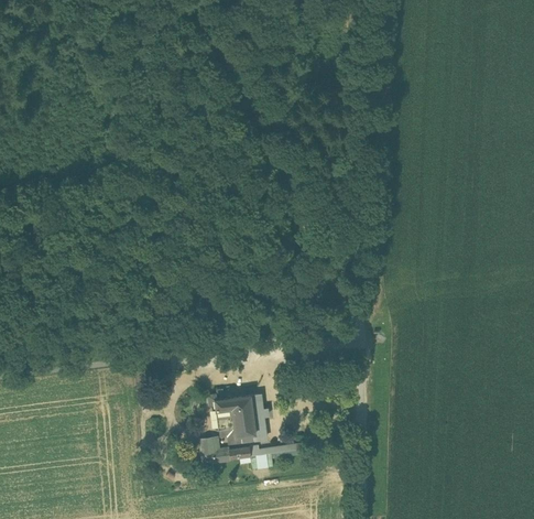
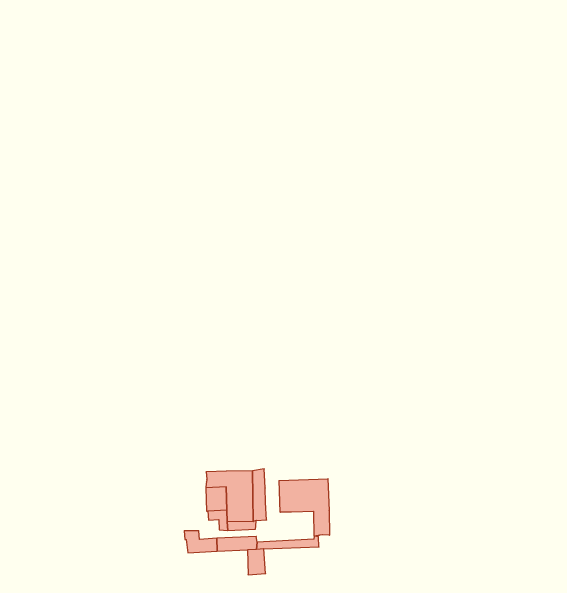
building: none -> [279,479,329,536]

